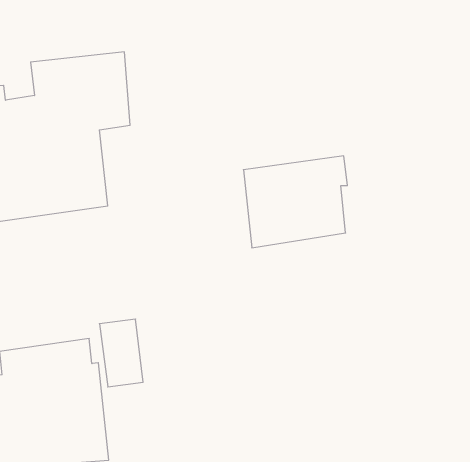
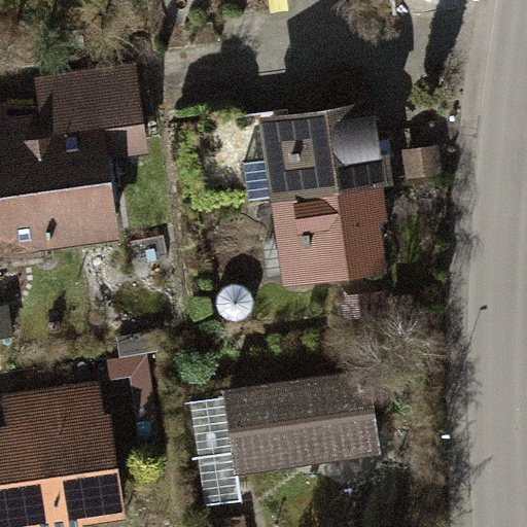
building: none -> [256,95,384,202]
building: none -> [222,371,376,472]

